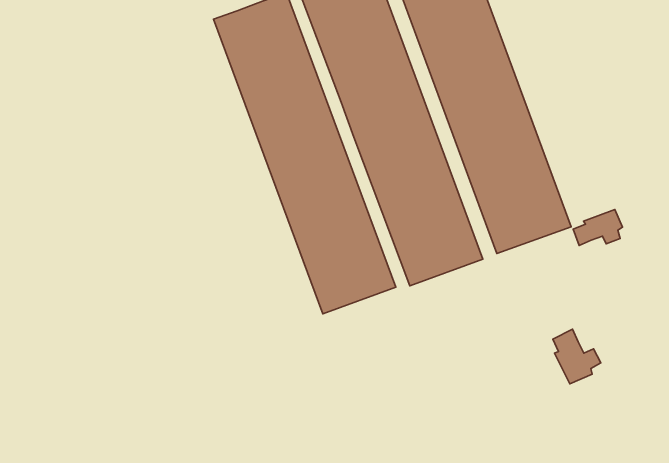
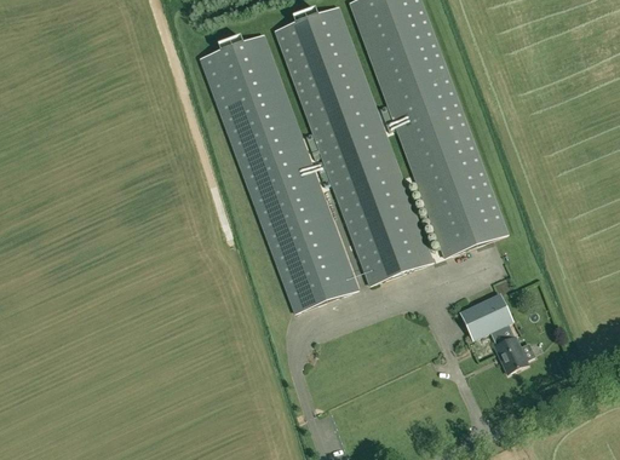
building: [573,210,623,245] -> none
building: none -> [457,288,510,335]

